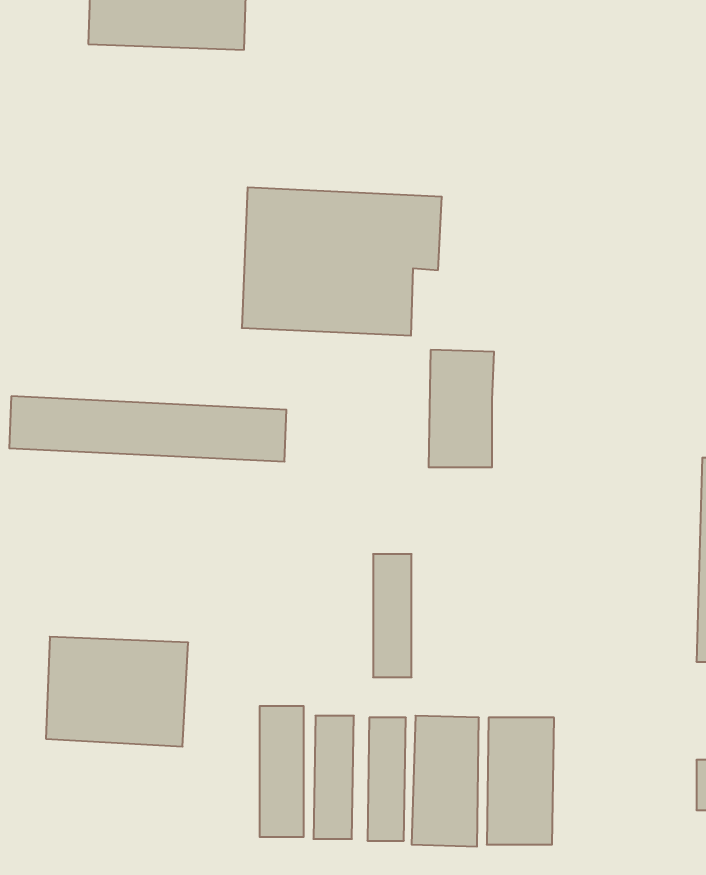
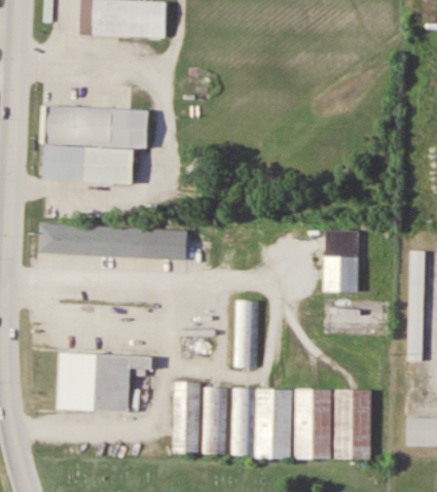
building: [242,187,442,336] -> [43,103,150,182]
building: [429,350,494,467] -> [324,235,359,297]
building: none -> [335,394,370,462]

